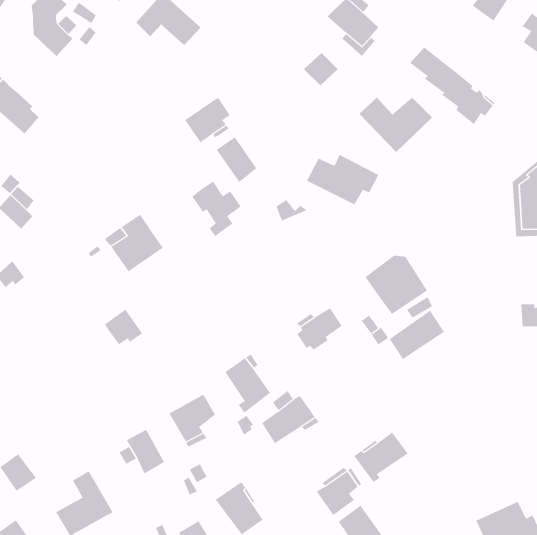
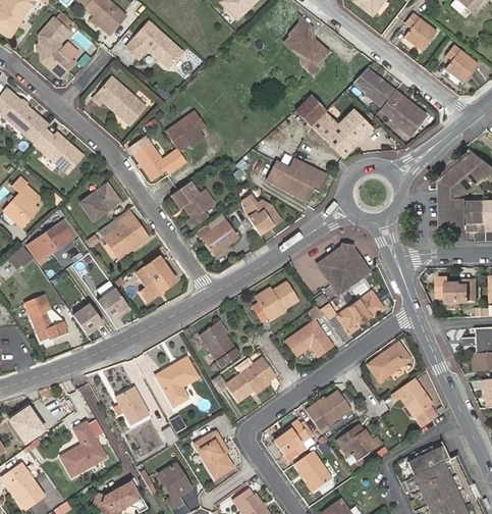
building: [303,52,339,86] -> [296,96,326,124]
building: none -> [91,76,143,122]
building: none -> [31,128,81,172]
building: [216,136,257,183] -> [133,141,168,179]
building: none -> [79,182,119,219]
building: none -> [247,205,281,236]
building: none -> [26,220,75,264]
building: none -> [195,220,237,253]
building: none -> [135,258,176,301]
building: none -> [26,296,68,340]
building: none -> [73,303,103,333]
building: none -> [283,318,328,353]
building: none -> [371,345,415,386]
building: none -> [395,378,441,427]
building: none -> [337,426,380,463]

